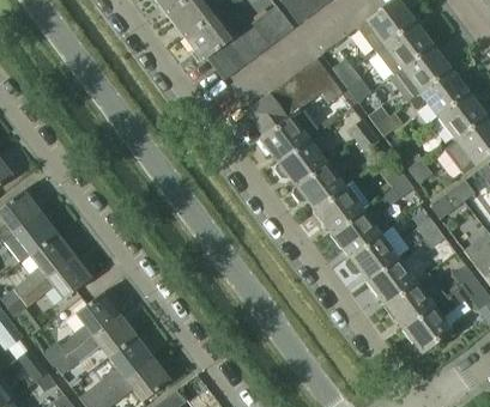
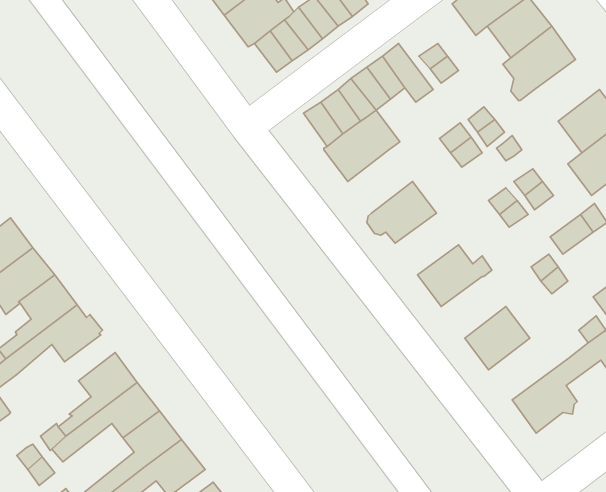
building: [409,69,468,116] -> none
building: [274,138,333,186] -> none
building: [314,180,370,232] -> none
building: [346,233,398,280] -> none
building: [385,272,444,327] -> none

